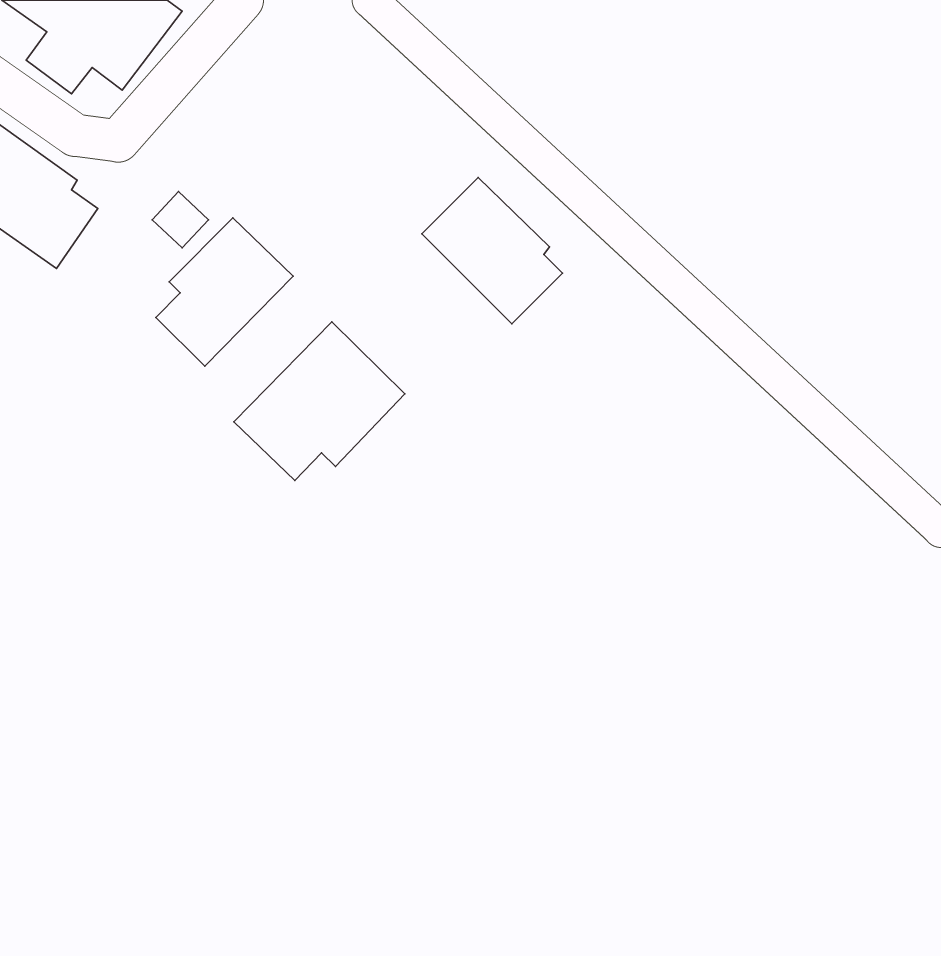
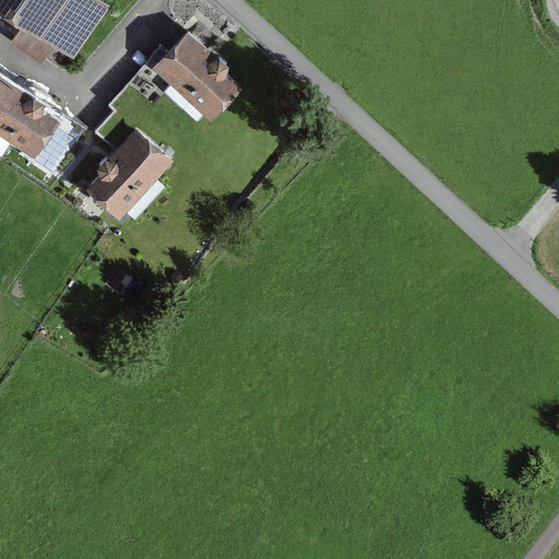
building: [422,177,563,324] -> [154,33,236,118]
building: [234,322,405,481] -> none

